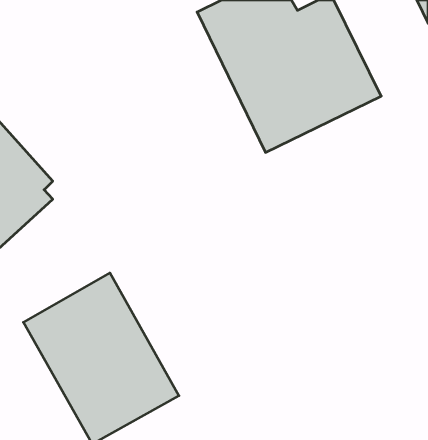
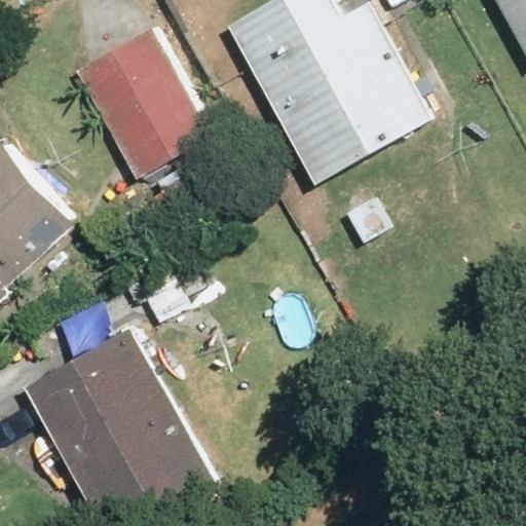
building: none -> [76,25,222,188]

